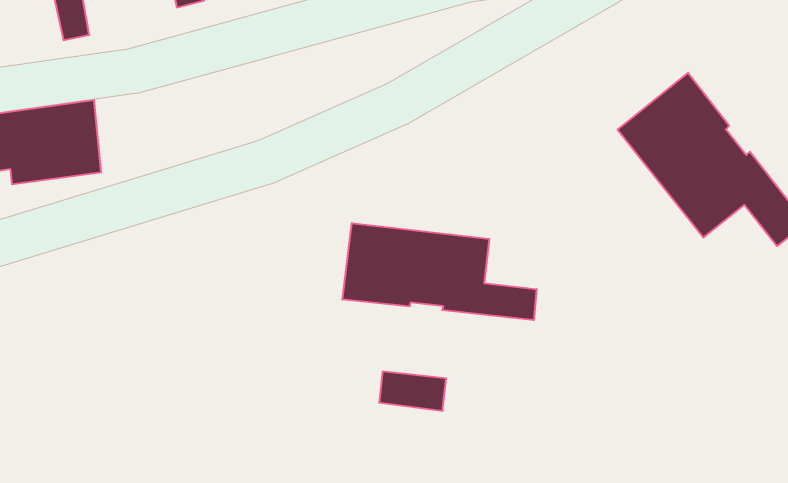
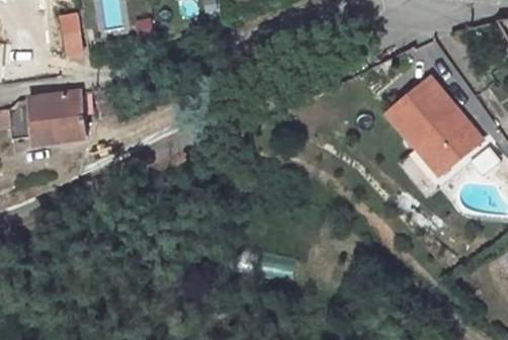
building: [342,223,537,320] -> none

